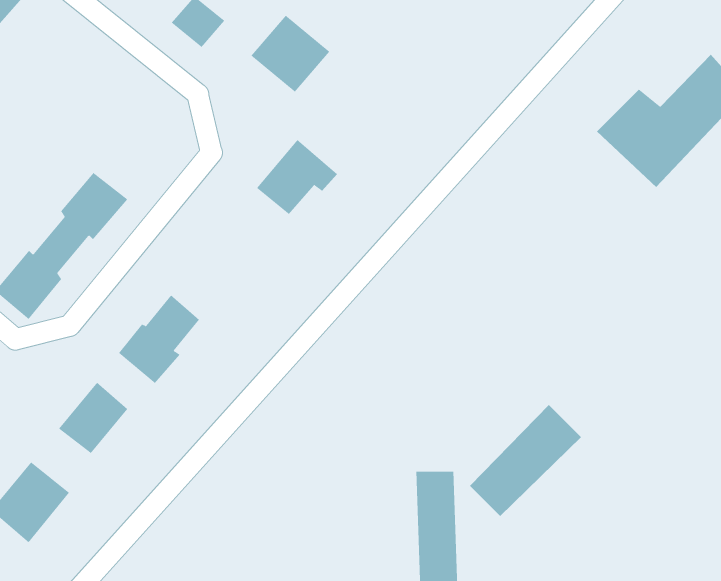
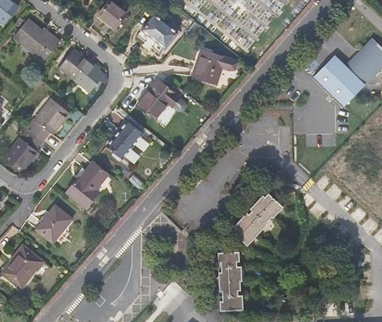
building: none -> [19,17,61,57]
building: none -> [193,51,237,87]
building: none -> [58,54,100,94]
building: none -> [109,122,144,158]
building: [469,404,582,517] -> [227,188,285,246]

